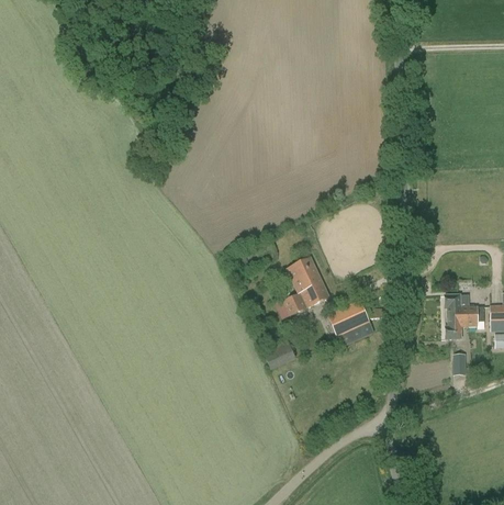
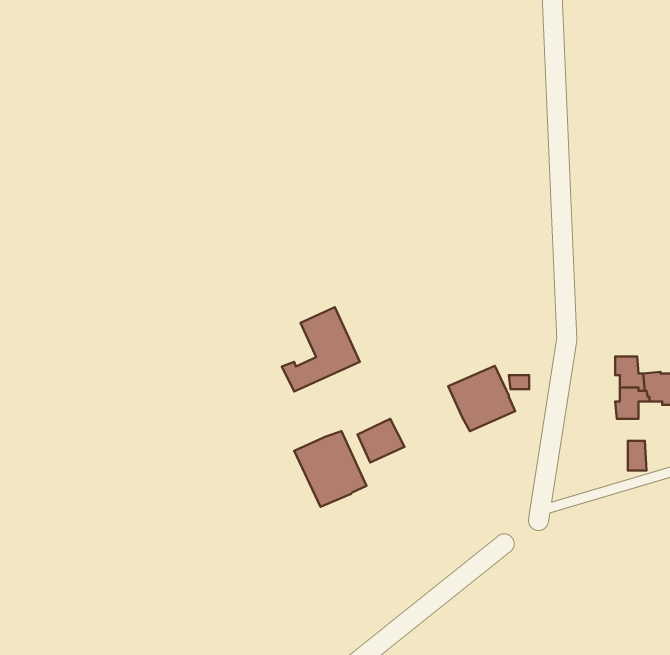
building: [275,258,329,317] -> [282,307,360,392]
building: none -> [294,431,366,507]

